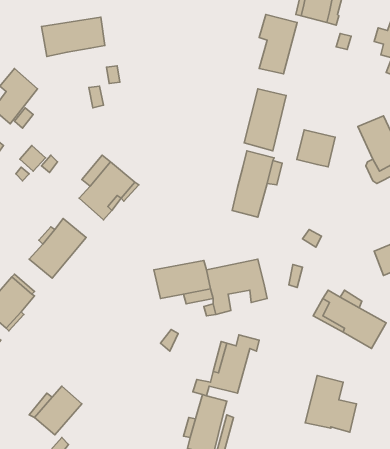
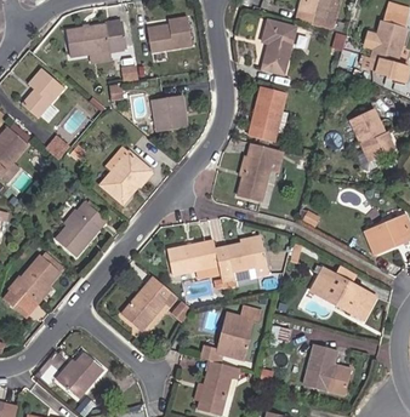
building: none -> [148,16,192,51]
building: none -> [152,95,187,131]
building: [297,130,335,167] -> none
building: none -> [121,276,177,330]

